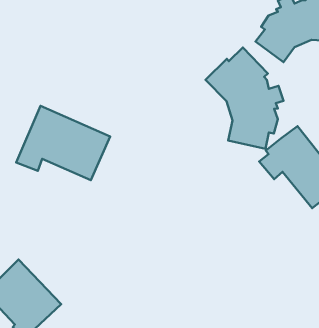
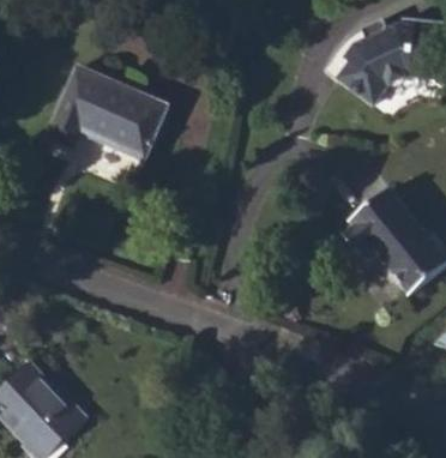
building: [206,48,283,149] -> none
building: [16,106,110,180] -> [46,65,167,161]

